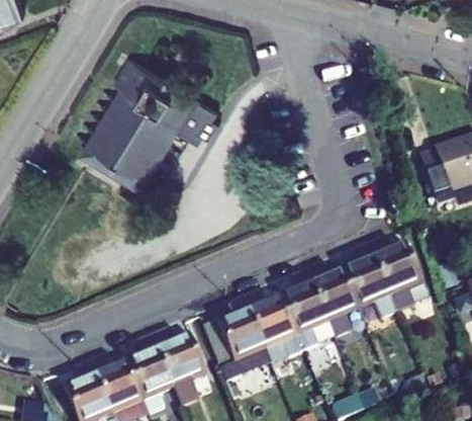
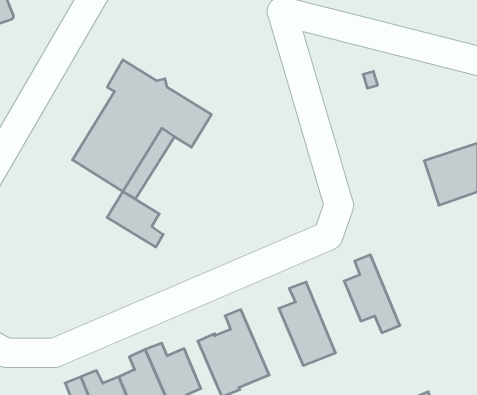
building: none -> [107,191,163,247]
building: [368,238,430,313] -> none
building: [306,264,359,339] -> none
building: [244,290,303,361] -> none

